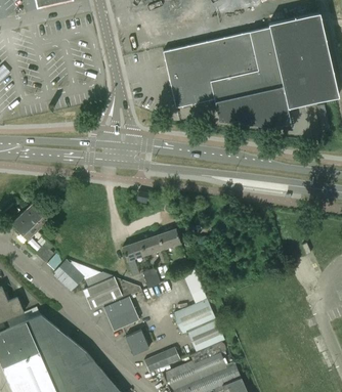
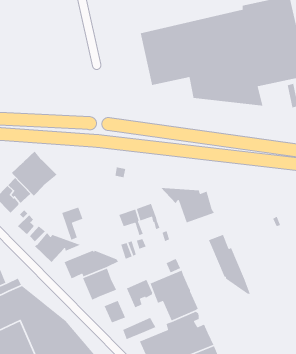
building: none -> [11,151,57,196]
building: none -> [160,187,215,223]
building: [122,241,145,276] -> [61,207,84,241]
building: none -> [208,234,251,294]
building: none -> [126,279,154,308]

